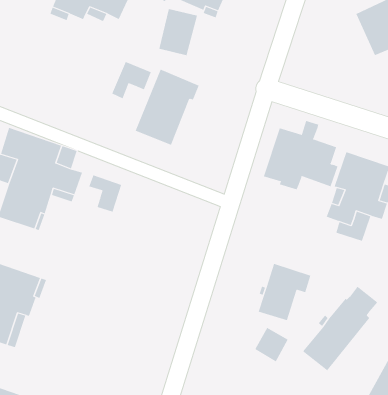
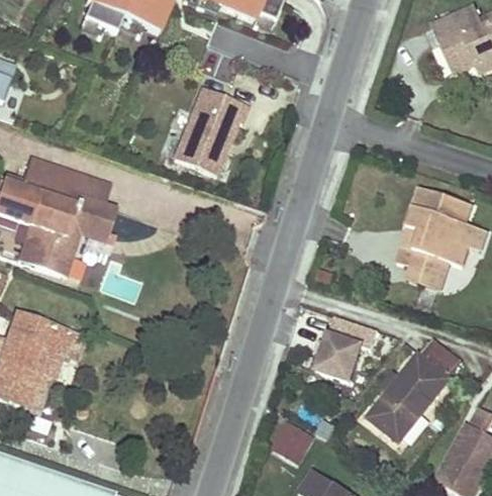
building: [112,61,152,99] -> none
building: [263,120,338,190] -> none
building: [89,174,122,213] -> none
building: [255,327,289,362] -> [273,420,312,461]

